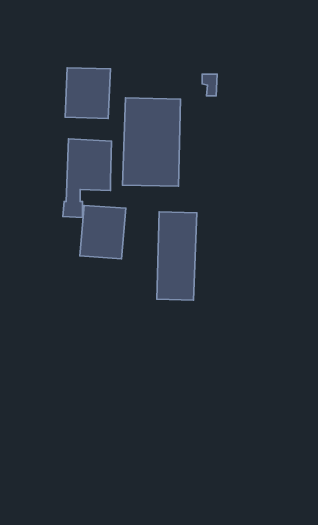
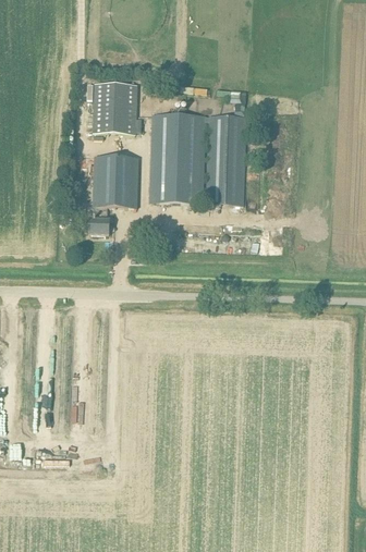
building: [80,205,126,259] -> none
building: [157,212,197,300] -> [206,114,246,204]

